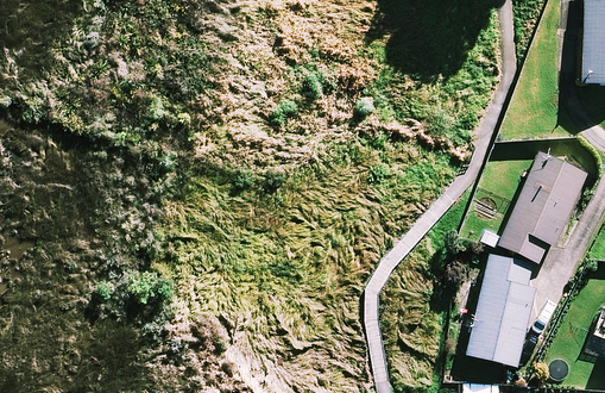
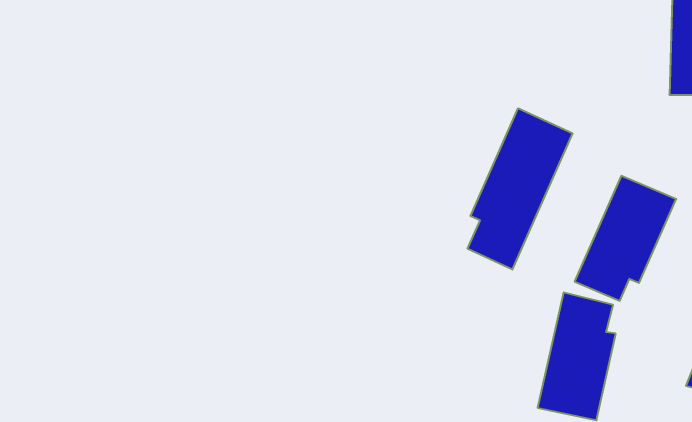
building: none -> [468,108,572,270]

